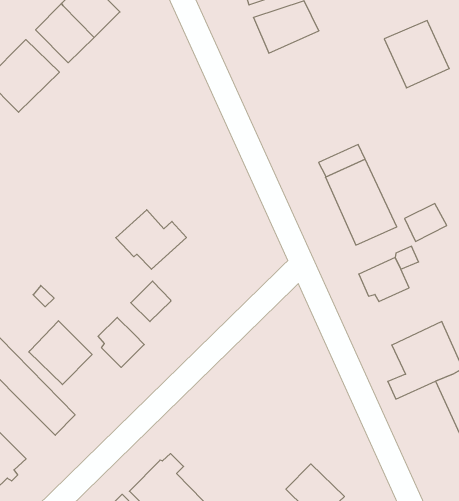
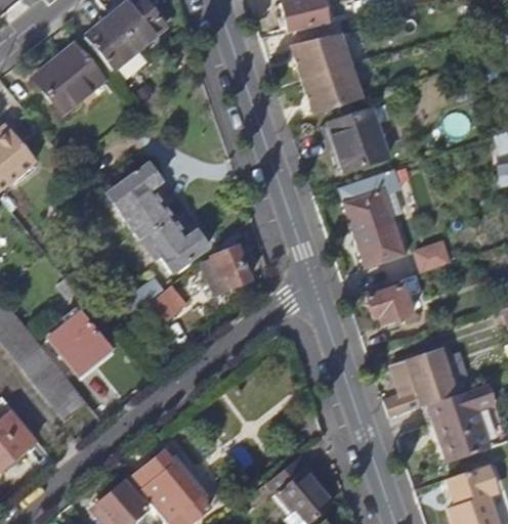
building: [384,21,449,88] -> [330,110,388,171]
building: none -> [302,63,363,115]
building: none -> [109,164,173,239]
building: none -> [203,246,249,292]
building: [98,317,144,367] -> none

